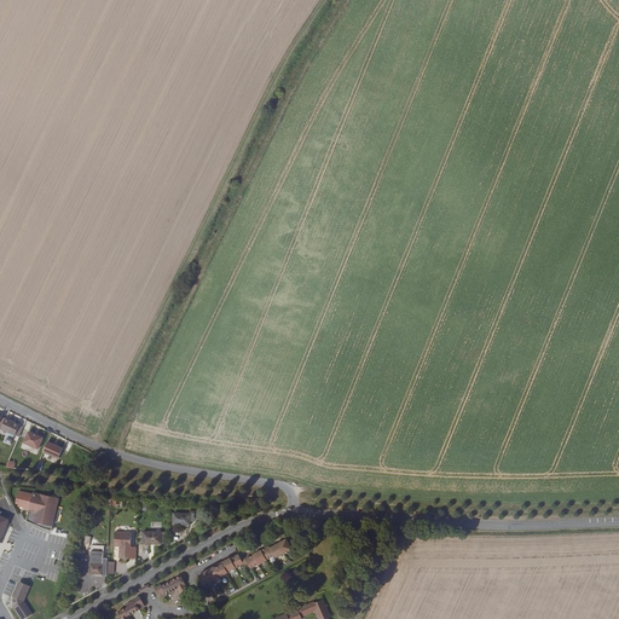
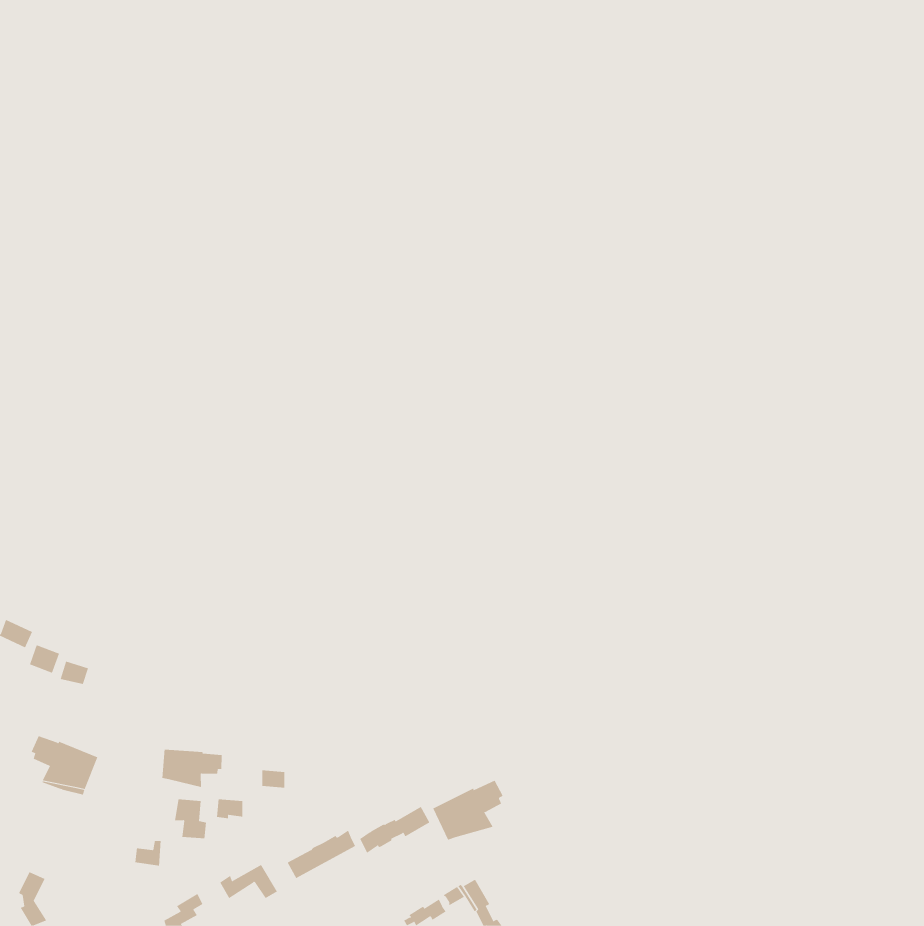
building: none -> [162,749,222,788]
building: none -> [432,780,503,841]

